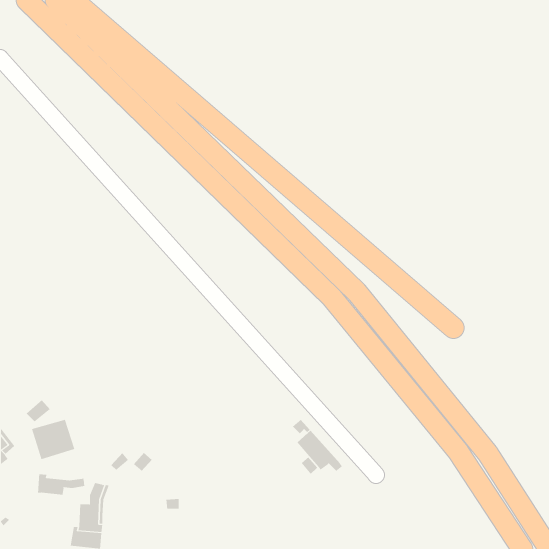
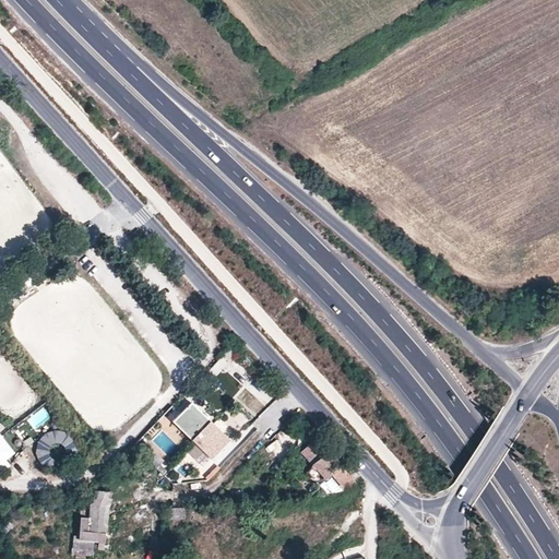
building: none -> [173,403,229,459]
building: [37,474,85,495] -> none

